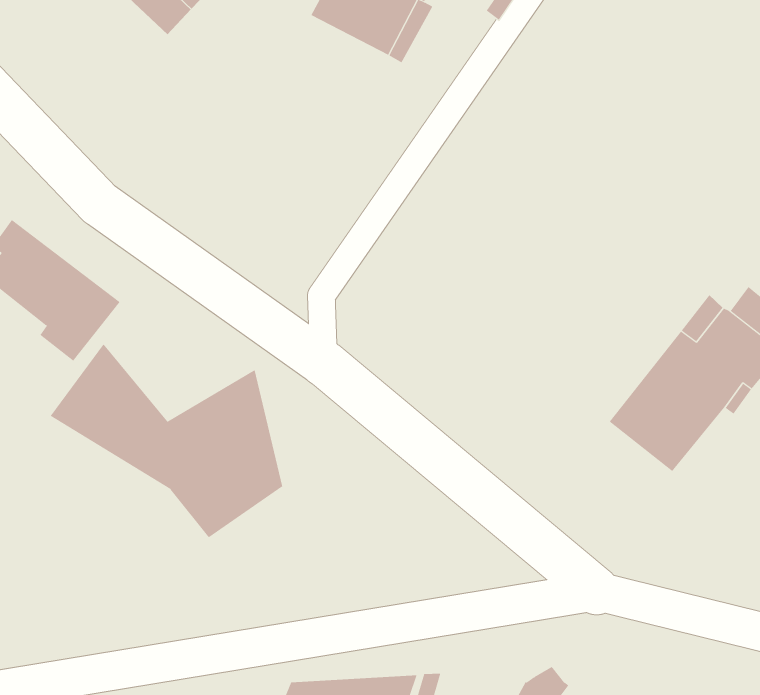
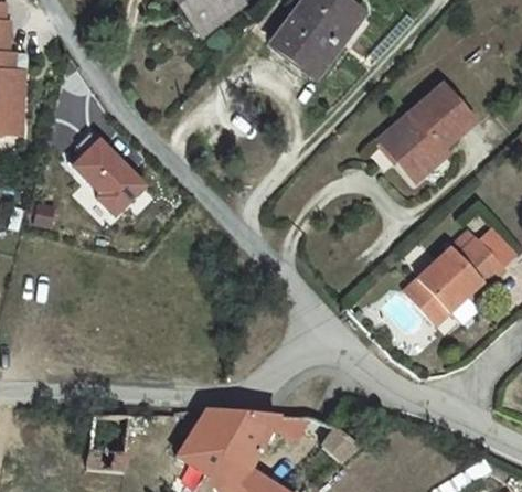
building: none -> [379,86,472,182]
building: [50,344,283,538] -> none

